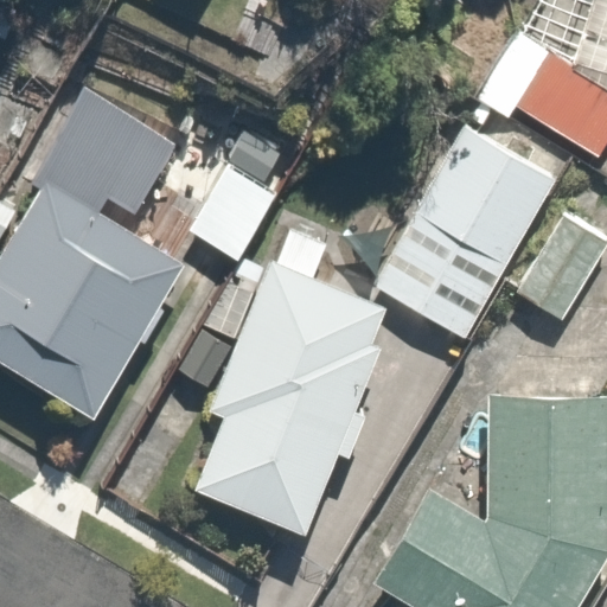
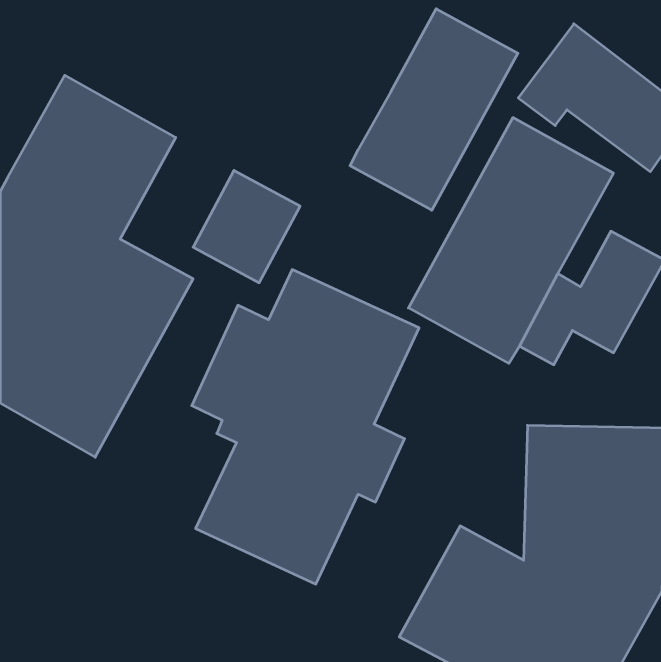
building: none -> [350,9,518,210]

